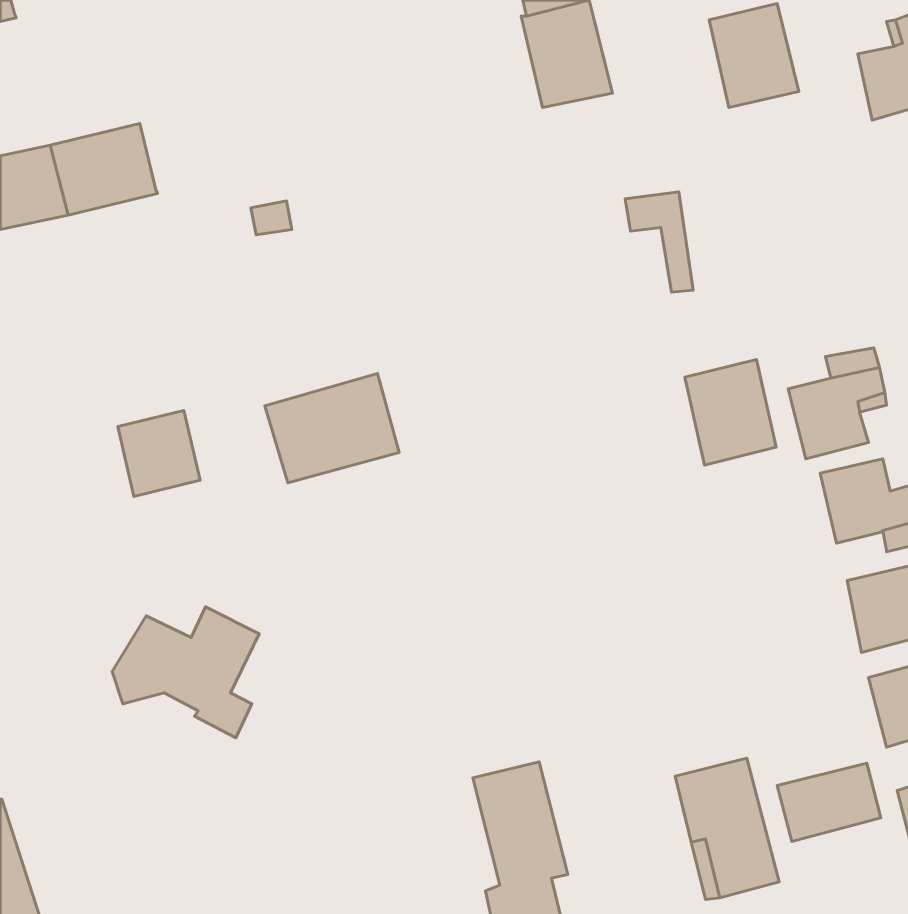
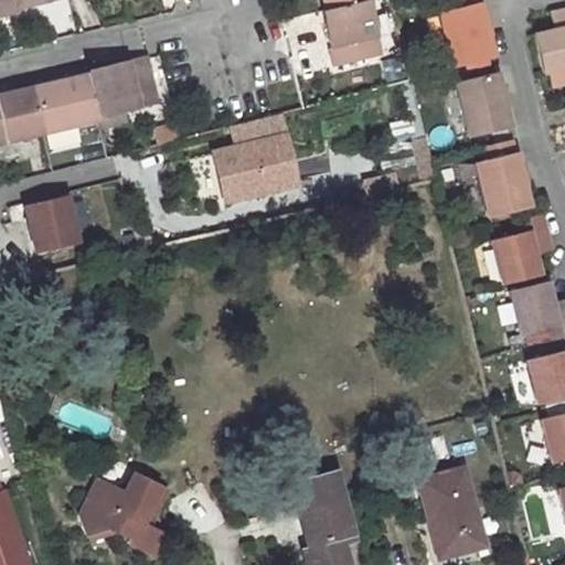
building: none -> [89,61,156,118]
building: none -> [457,72,513,137]
building: [685,359,776,465] -> [476,151,532,216]
building: [265,374,399,483] -> [216,131,299,199]
building: [118,410,200,496] -> [26,198,77,250]
building: [112,607,259,738] -> [83,476,173,556]
building: [777,763,881,842] -> none

